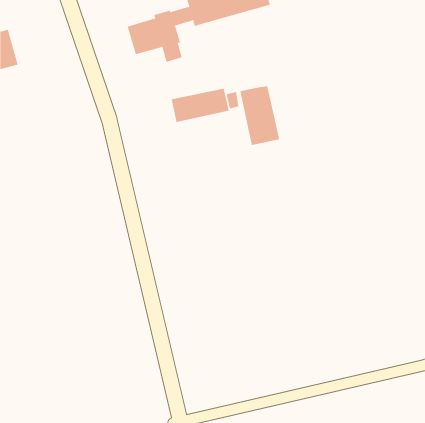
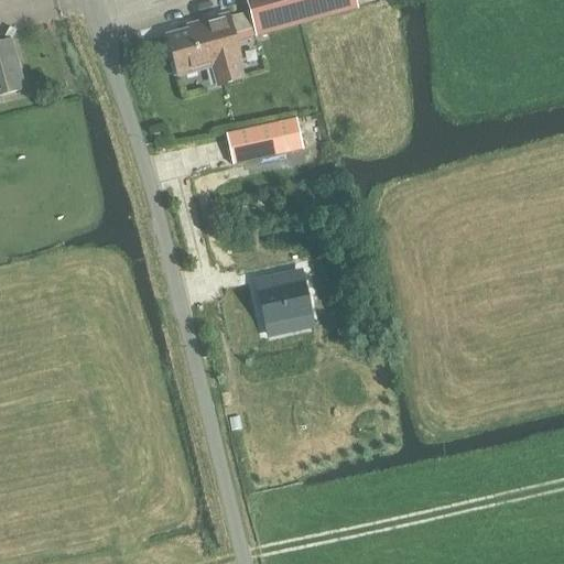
building: [240,85,280,146] -> none
building: none -> [258,270,310,324]

